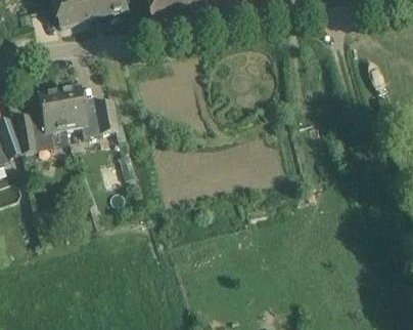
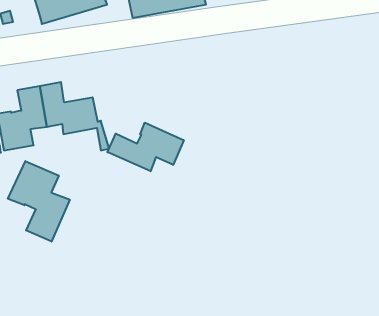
building: none -> [107,123,184,171]
building: none -> [8,161,70,242]

